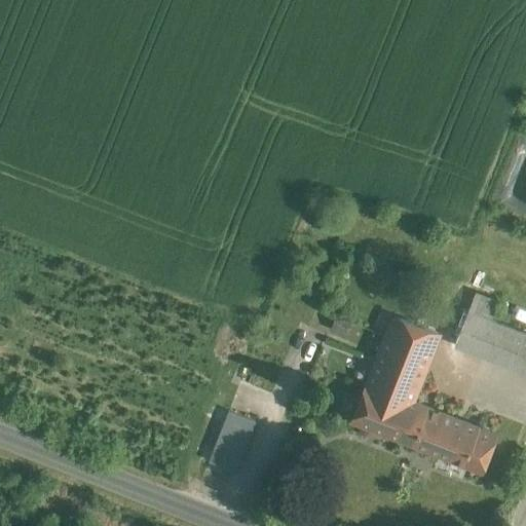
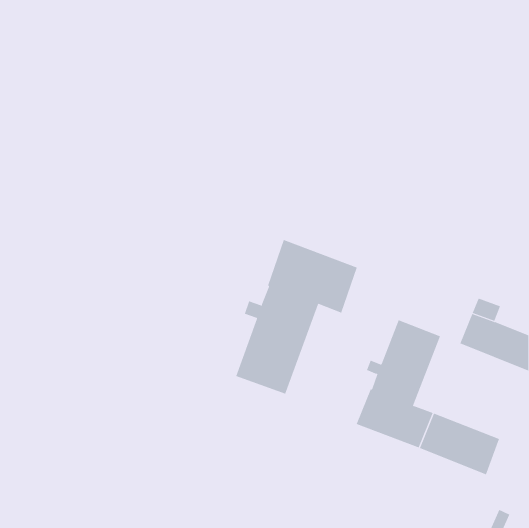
building: none -> [235,239,357,395]
building: [209,413,255,474] -> none

